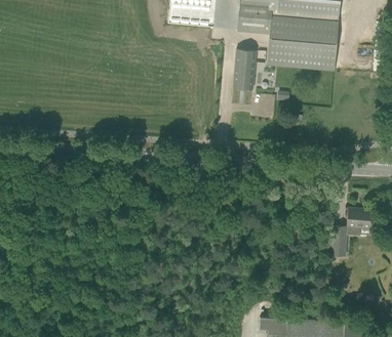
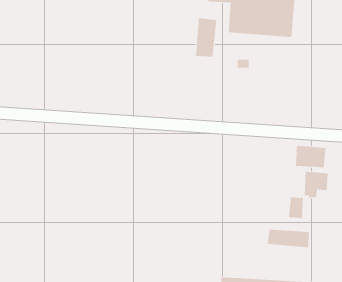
building: none -> [295,145,326,168]
building: none -> [267,229,310,248]

